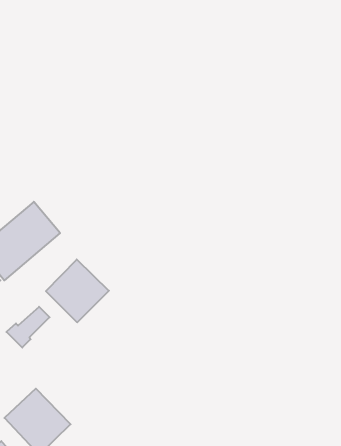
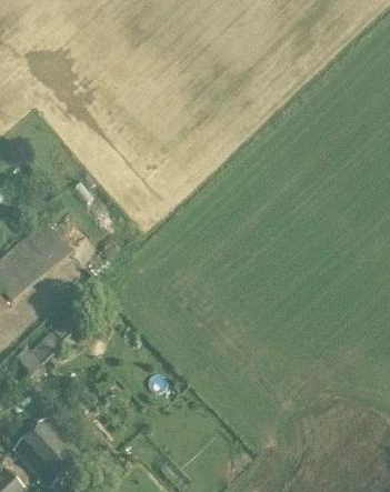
building: [46,259,109,322] -> none

